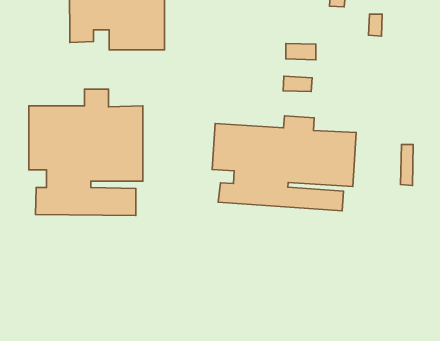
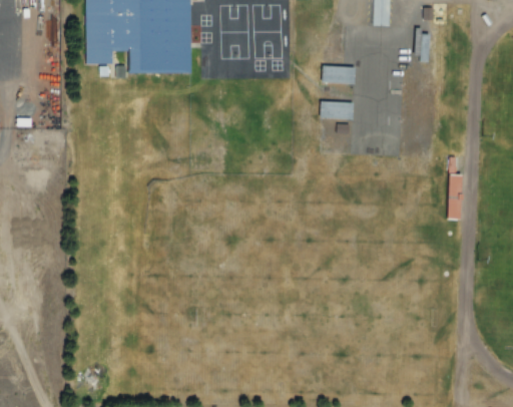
building: [29,89,143,216] -> none
building: [212,116,356,211] -> none

